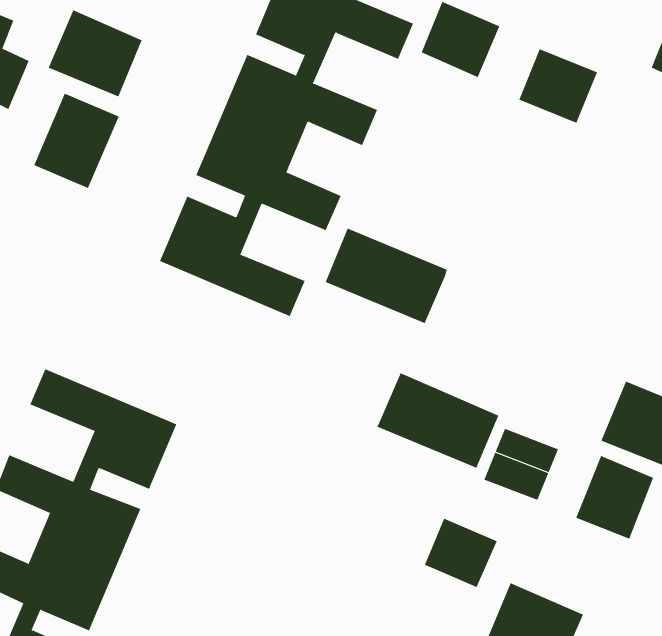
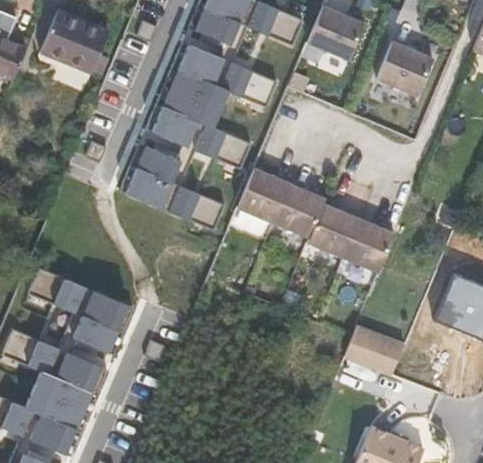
building: [33,93,119,189] -> none
building: [376,372,499,468] -> [308,201,396,270]
building: [575,455,654,540] -> none
building: [424,518,497,588] -> none

